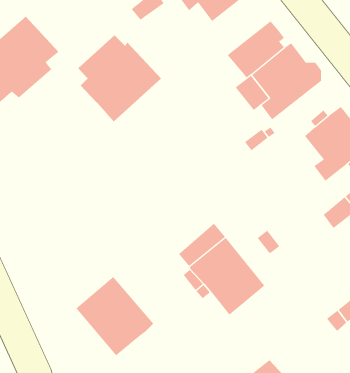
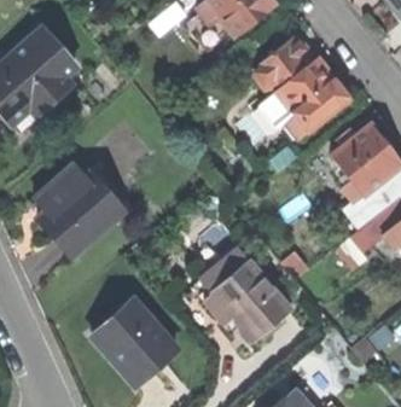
building: [78,34,162,122] -> [35,165,123,257]

